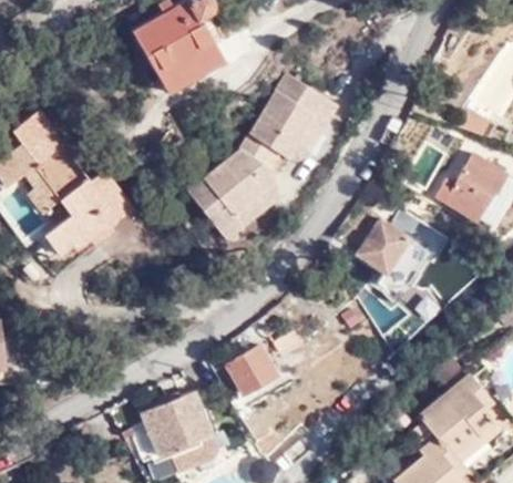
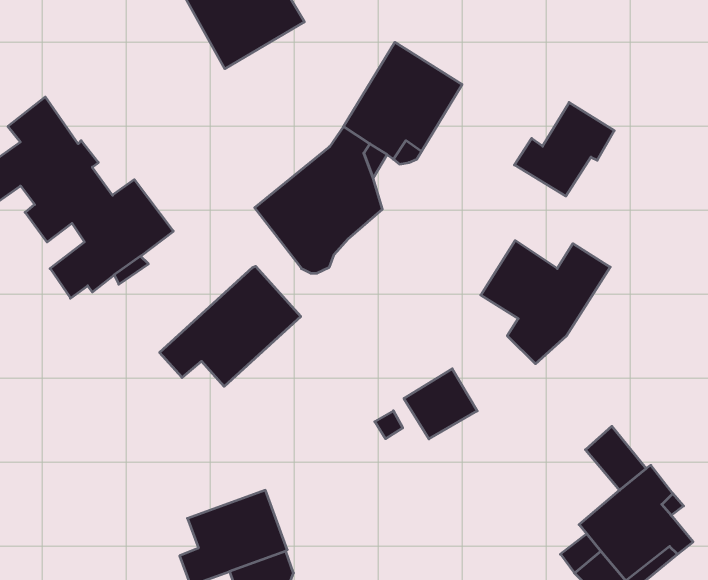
building: [435,154,506,220] -> [514,102,614,196]
building: none -> [160,266,301,386]
building: [226,345,278,394] -> [404,369,477,439]

